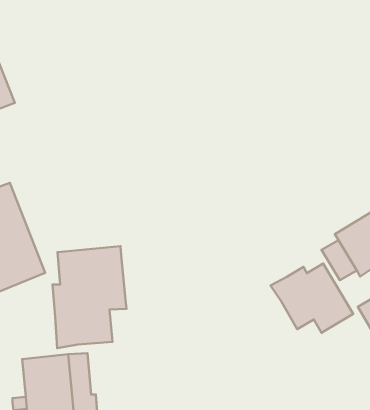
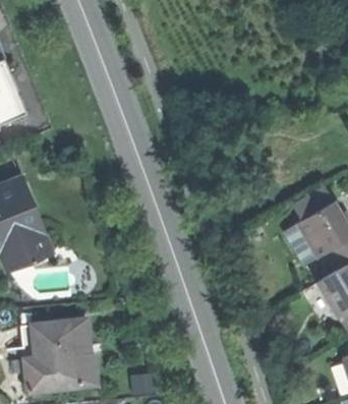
building: [52,246,126,348] -> none
building: [271,264,353,333] -> none

